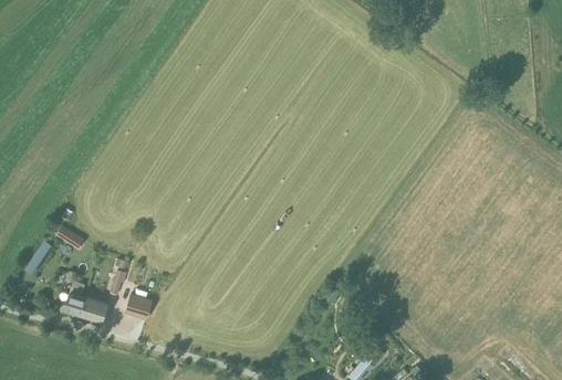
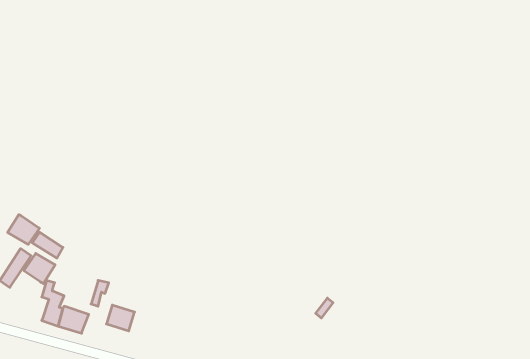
building: none -> [8,215,39,244]
building: none -> [24,253,55,284]

